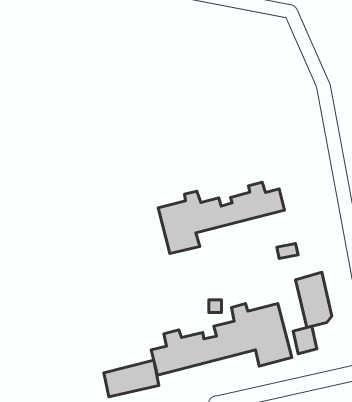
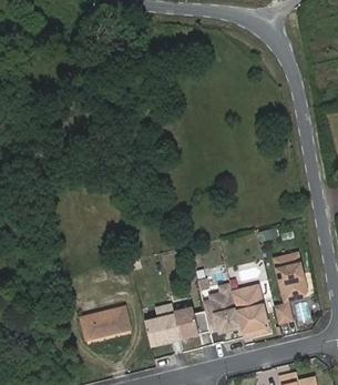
building: [158,182,285,254] -> none
building: [104,360,159,397] -> [80,306,129,338]

